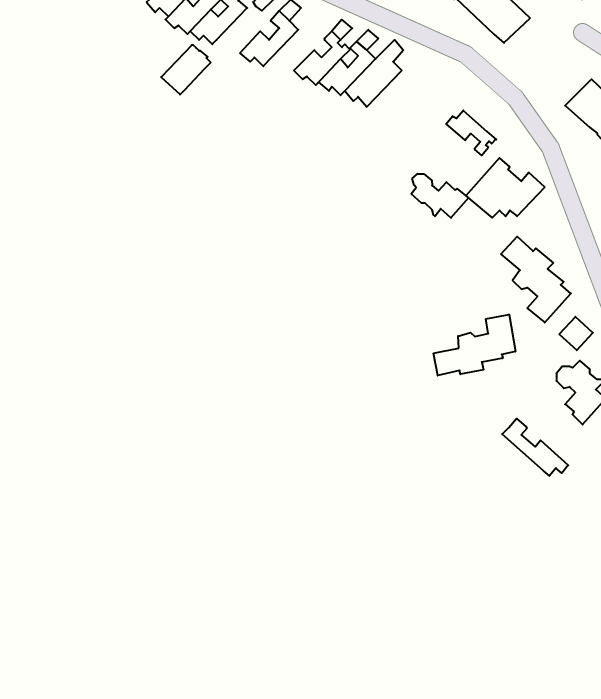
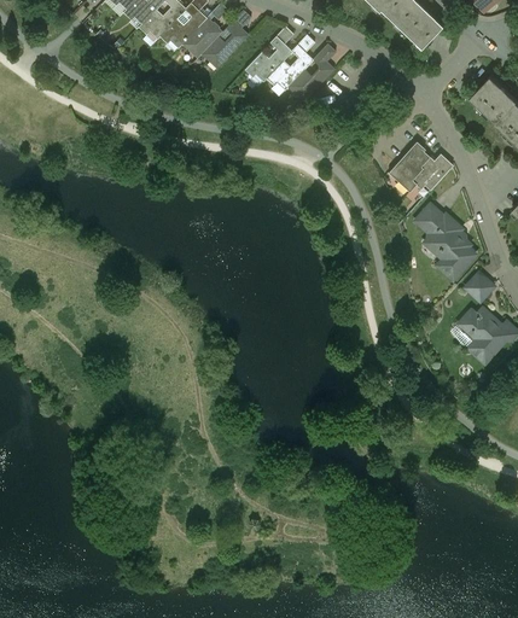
building: [161,45,211,95] -> [180,17,221,58]
building: [446,110,496,155] -> none
building: [411,174,469,218] -> none
building: [434,314,515,376] -> none
building: [502,419,568,476] -> none

